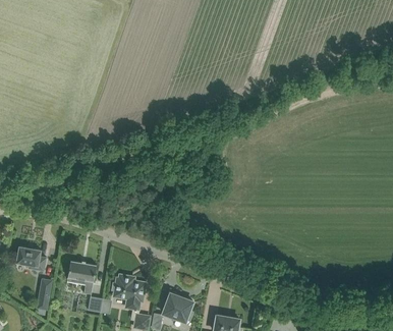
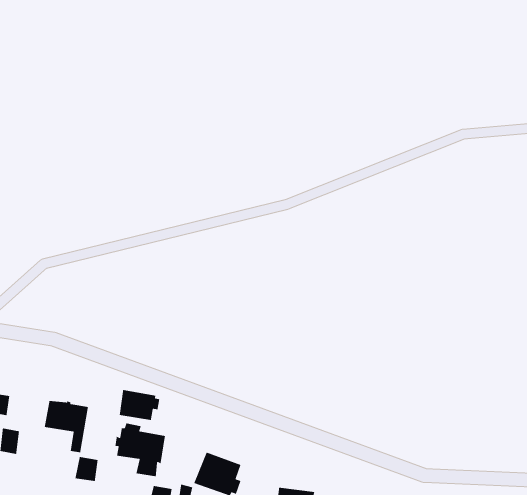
building: none -> [119,389,160,421]

